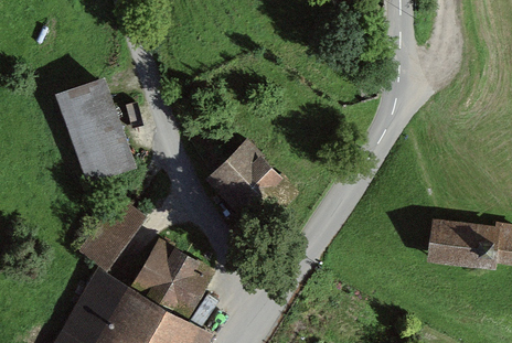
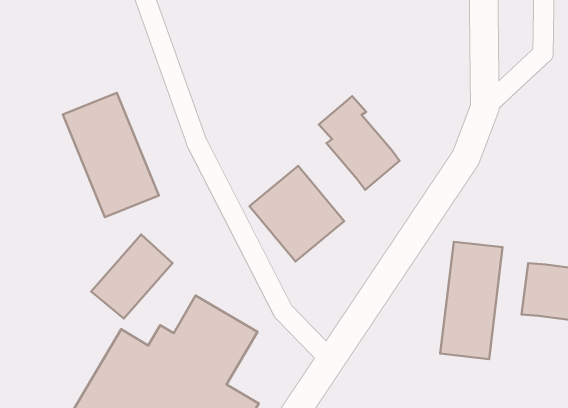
building: none -> [319,96,400,190]
building: none -> [440,242,503,359]

